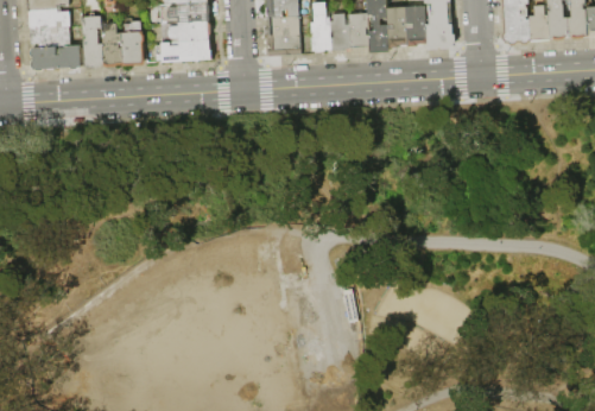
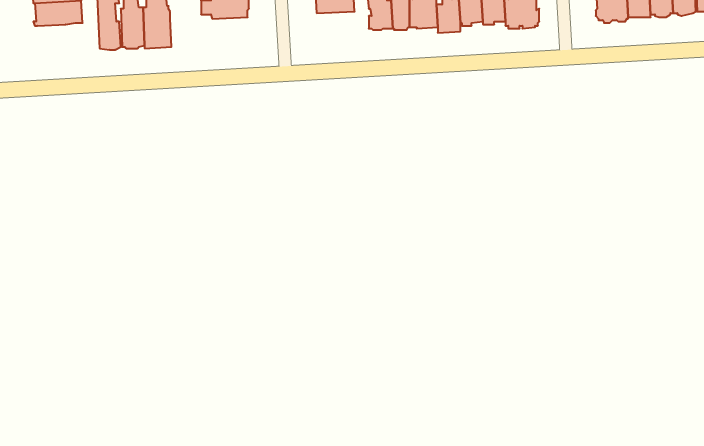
building: [267,34,300,55] -> none
building: [156,39,211,61] -> none
building: [30,43,81,70] -> none

